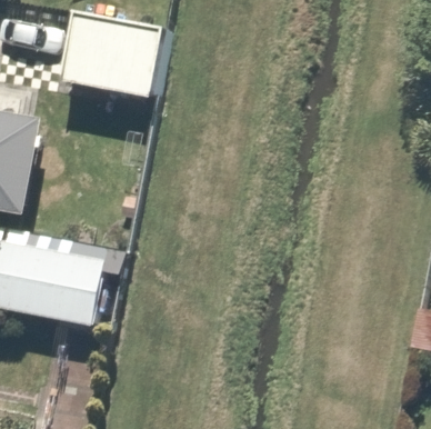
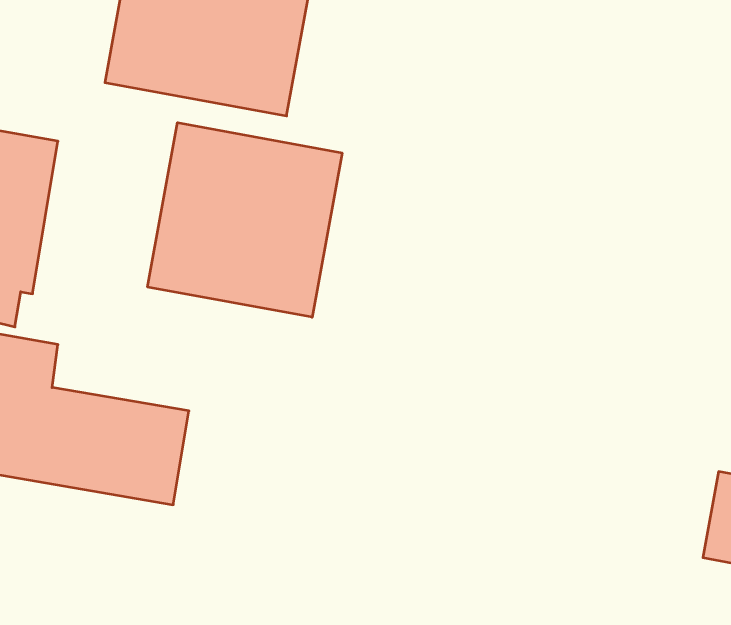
building: none -> [148,123,342,317]

